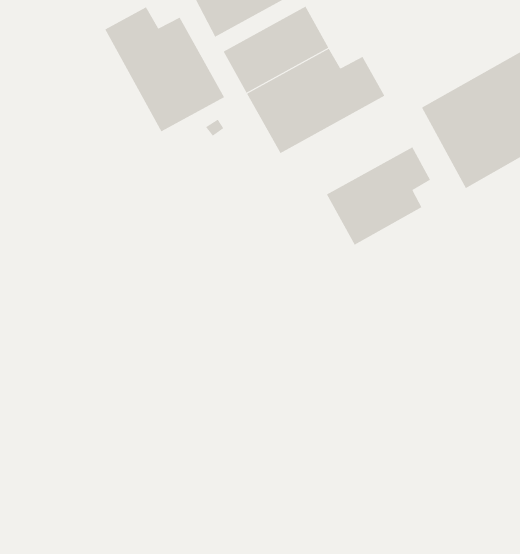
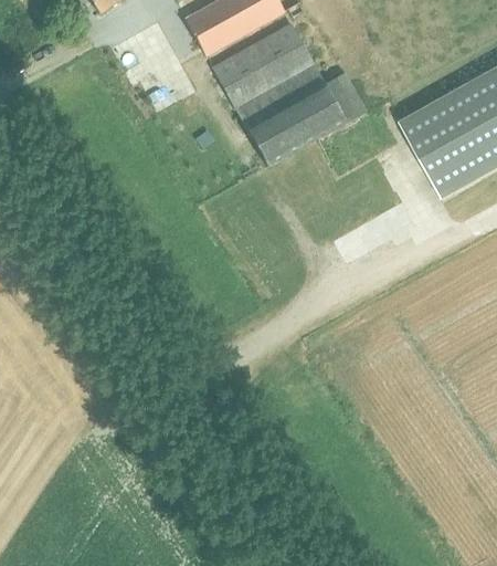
building: [105,7,225,132] -> none
building: [326,146,431,246] -> none

